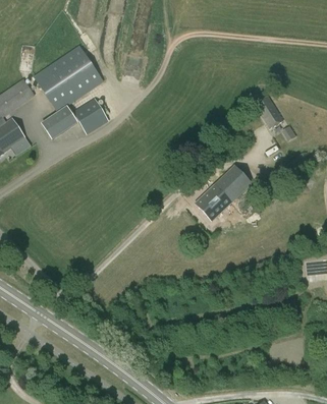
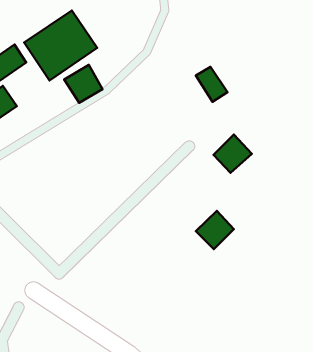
building: [254,96,284,129] -> [196,67,227,102]
building: [42,107,77,139] -> none
building: [195,184,231,221] -> [196,211,234,249]

